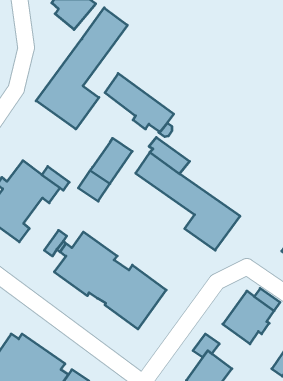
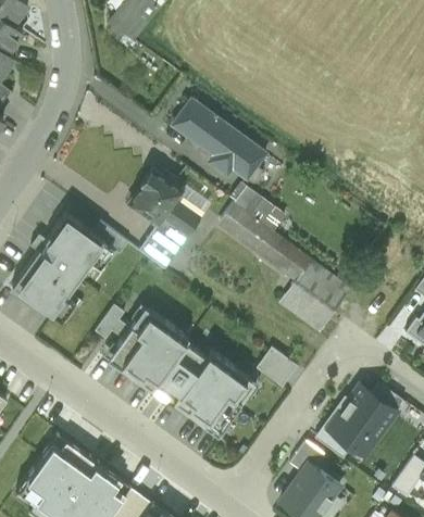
building: [36,8,127,129] -> none
building: none -> [129,172,180,224]
building: none -> [257,348,297,387]

